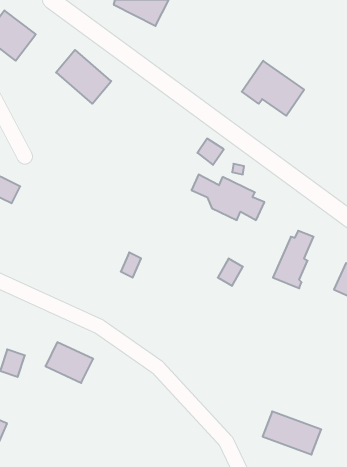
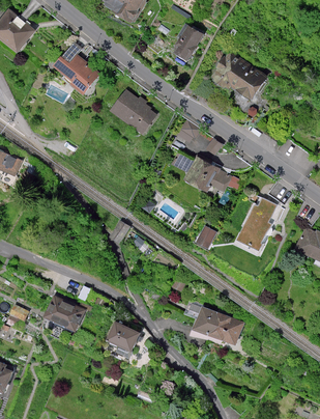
building: none -> [173,23,206,58]
building: none -> [110,90,157,134]
building: none -> [108,322,142,353]
building: [263,411,321,455] -> [190,306,240,343]

